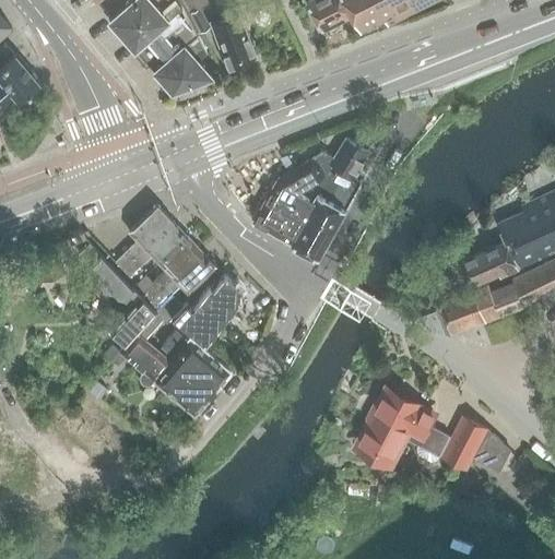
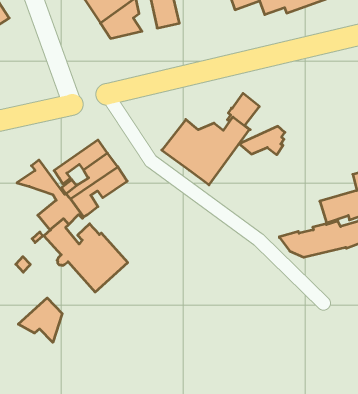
building: [279,153,334,192] -> [239,126,285,155]
building: [115,206,172,267] -> none
building: [170,276,239,344] -> none
building: [356,391,510,473] -> none
building: none -> [18,298,62,342]

